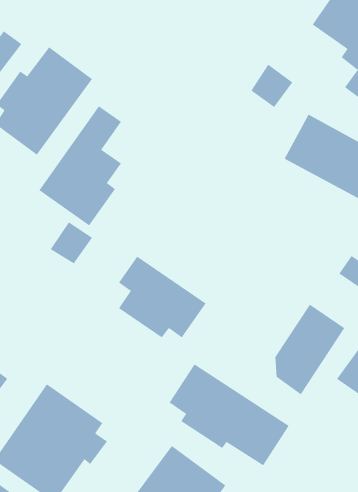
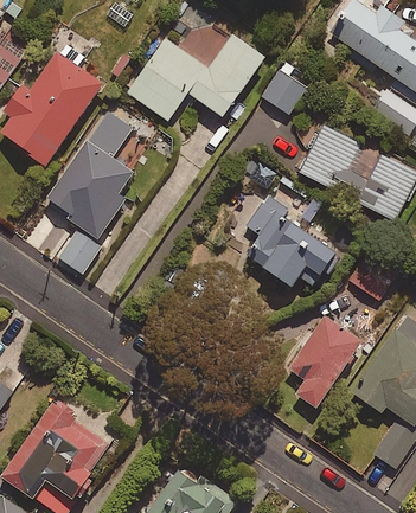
building: none -> [127,17,264,120]
building: [118,256,206,338] -> [245,200,335,284]
building: [169,363,289,466] -> none

